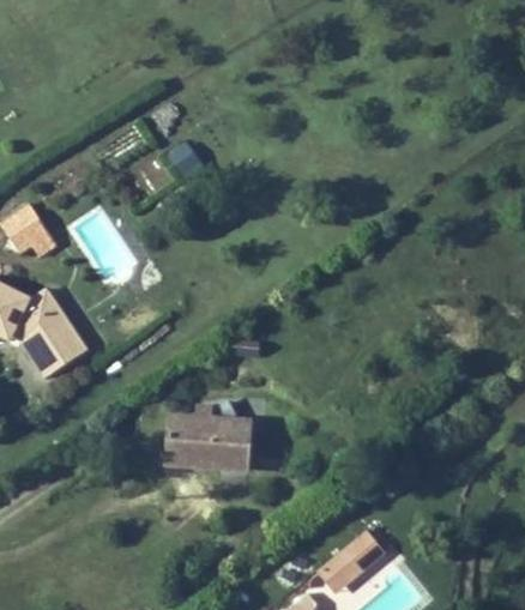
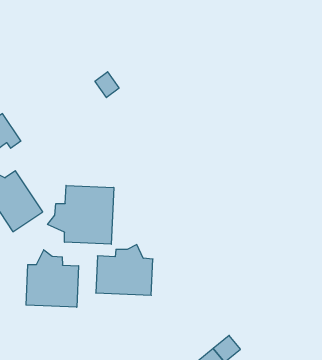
building: none -> [48,185,114,244]
building: none -> [26,250,79,307]

